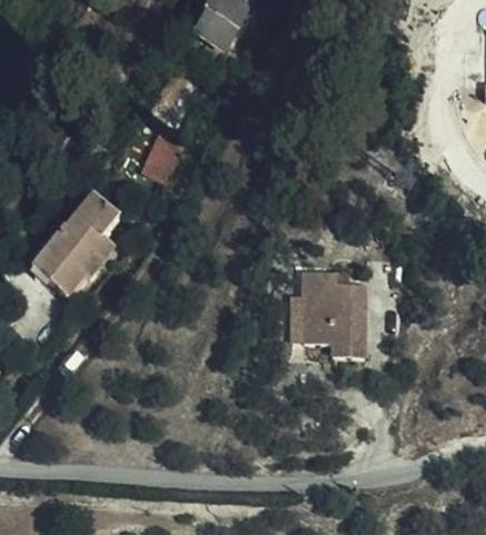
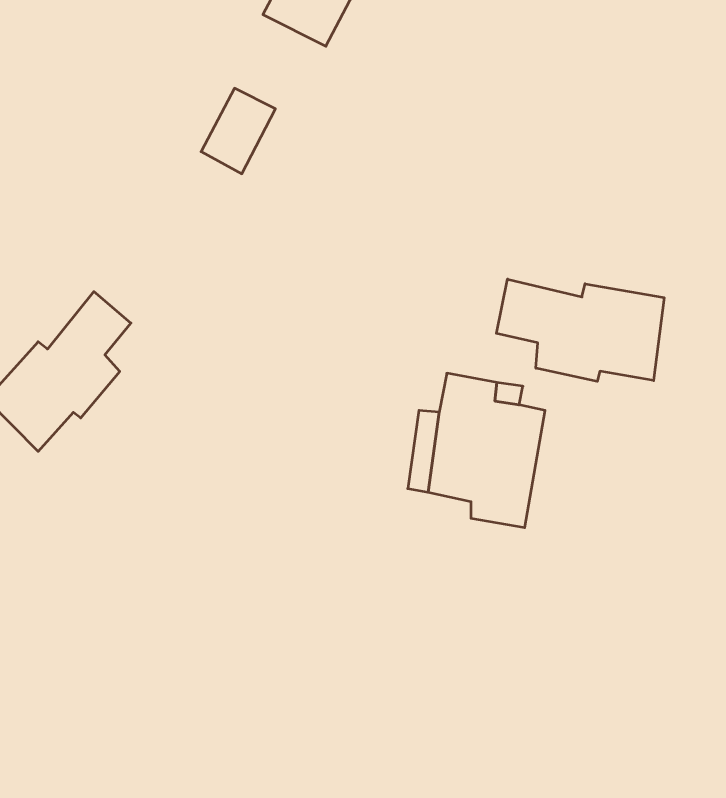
building: [143,133,188,185] -> [201,88,275,174]
building: none -> [496,279,664,381]

